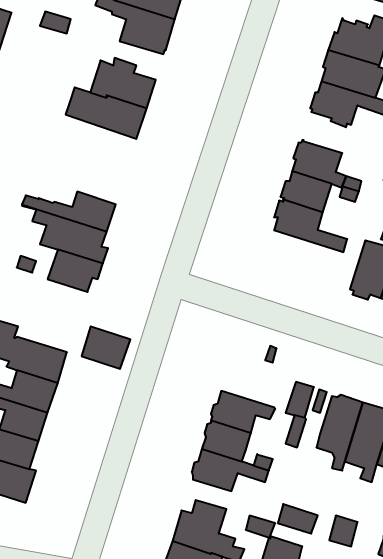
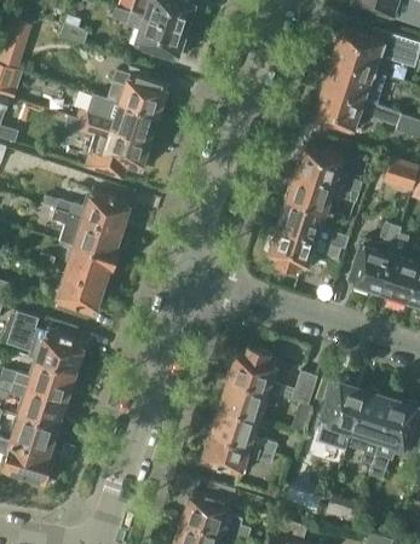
building: none -> [65,115,150,176]
building: none -> [269,227,341,273]
building: [82,326,130,369] -> [58,273,104,313]
building: none -> [230,347,283,394]

